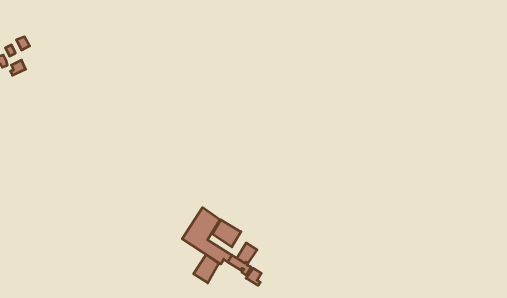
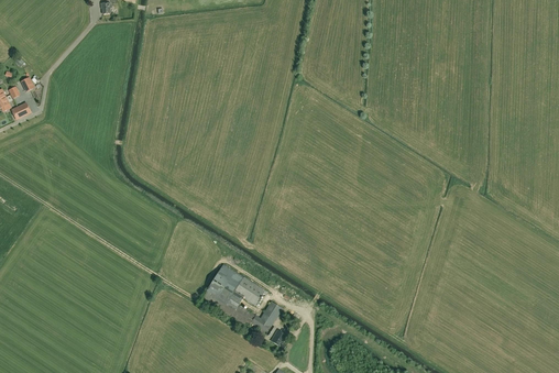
building: [194,255,219,283] -> none

